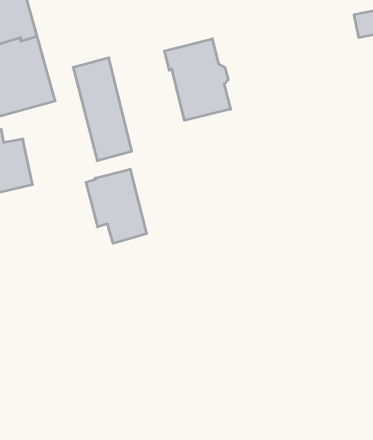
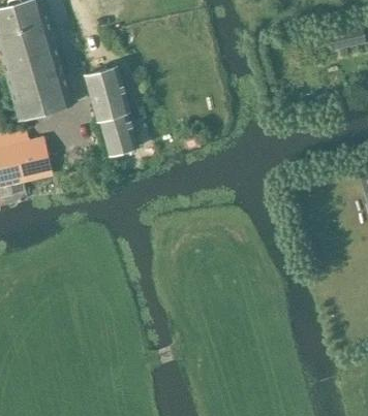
building: [164,39,231,120] -> none
building: [86,169,147,243] -> none

